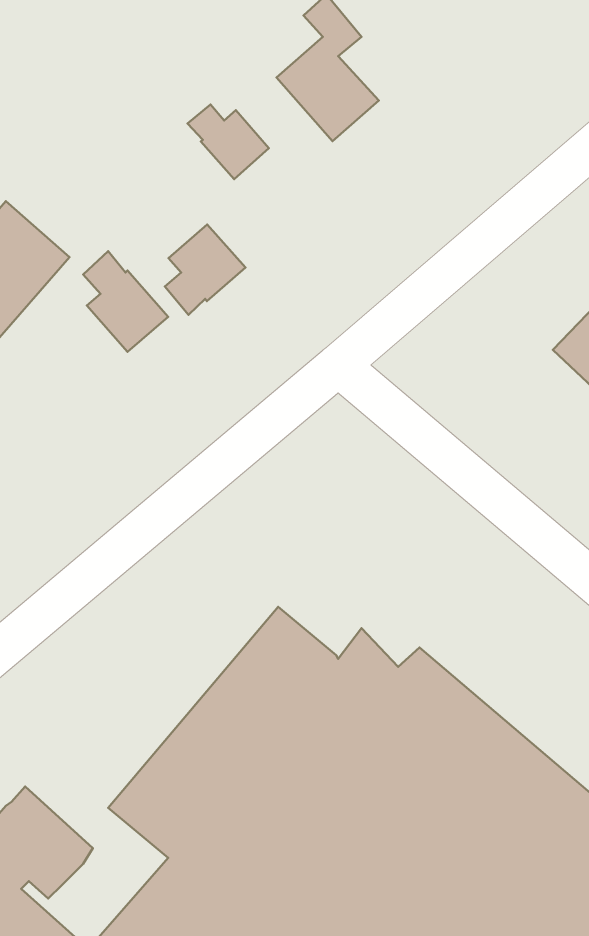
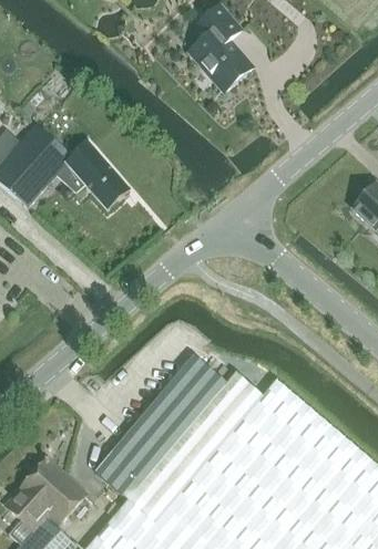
building: [188,105,269,179] -> none
building: [165,224,245,315] -> none

